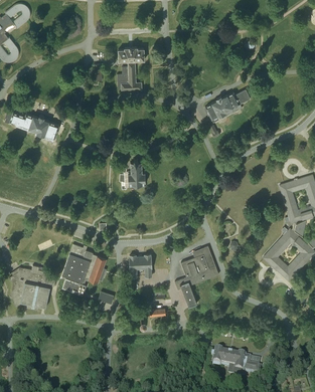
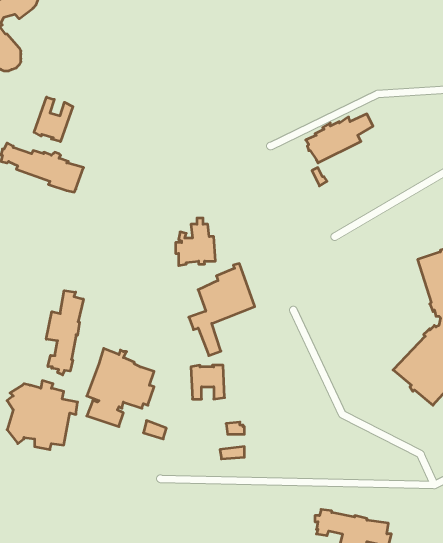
building: [117,46,144,89] -> none
building: none -> [34,97,73,142]
building: none -> [46,291,83,375]
building: [175,245,218,306] -> [189,264,255,356]

